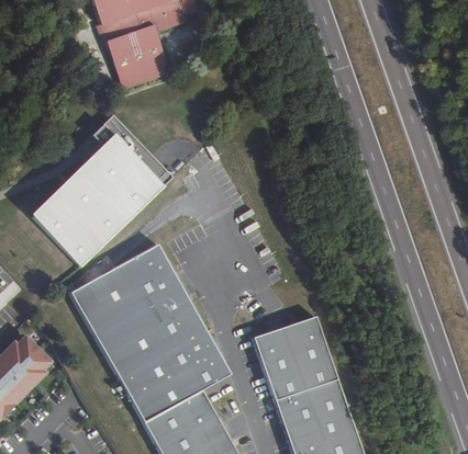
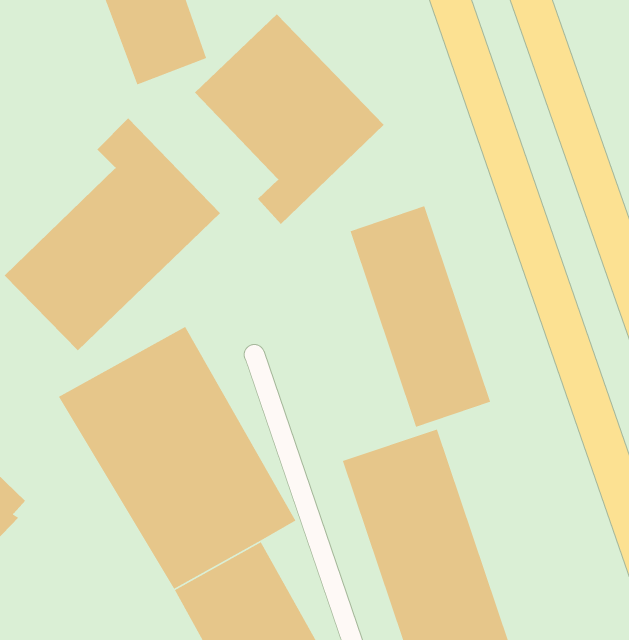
building: none -> [194,13,384,225]
building: none -> [349,205,491,428]

